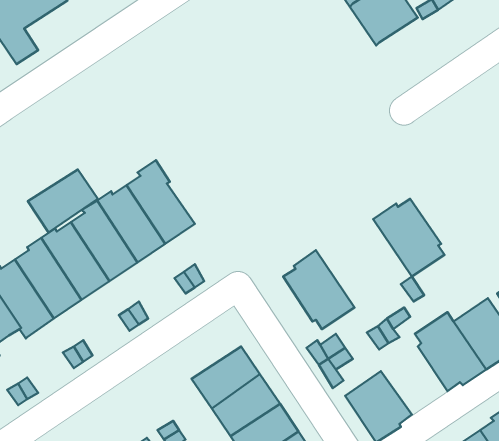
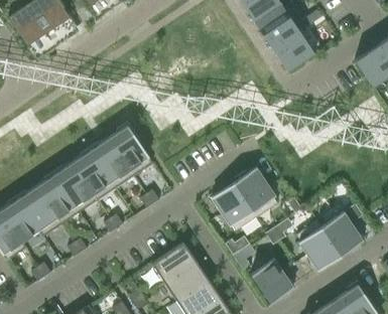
building: none -> [271,28,315,71]
building: [28,170,98,233] -> none
building: [373,199,444,277] -> [232,166,278,216]

